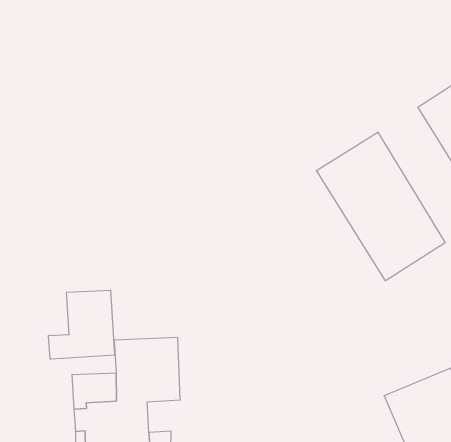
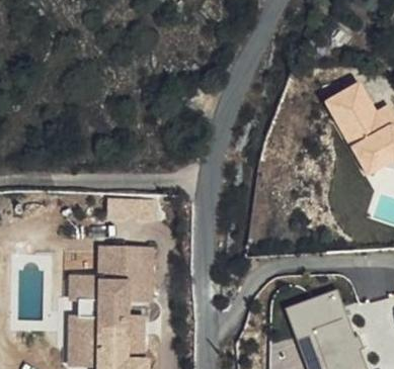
building: [316,132,445,281] -> none
building: [48,290,115,359] -> none

